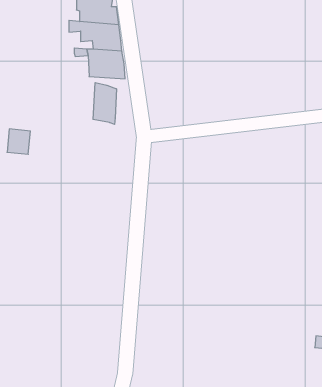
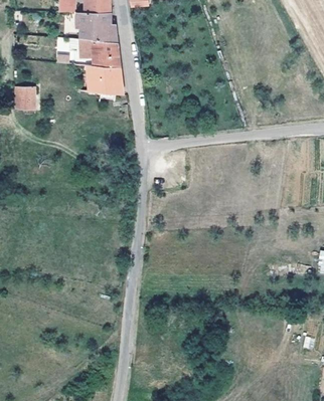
building: [93,83,116,124] -> none
building: [7,129,30,154] -> [15,86,37,111]

